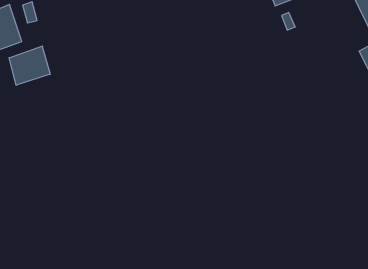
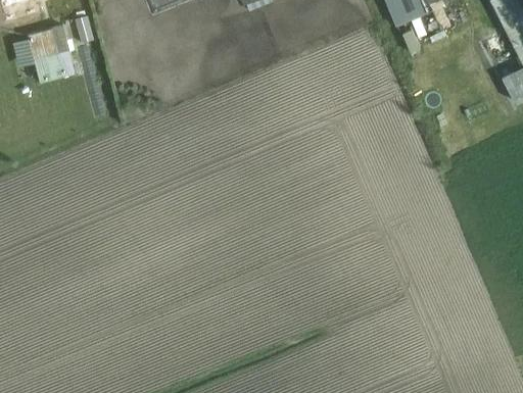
building: [9,46,50,85] -> none

